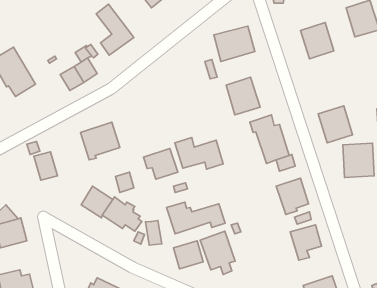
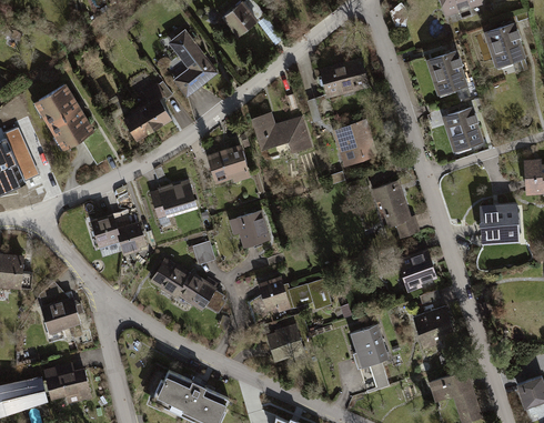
building: none -> [205,144,252,185]
building: [318,106,352,143] -> [443,107,486,153]
building: [175,137,223,169] -> [251,112,312,152]
building: none -> [111,210,147,258]
building: [145,221,162,245] -> none
building: [200,231,235,274] -> [346,321,391,375]

